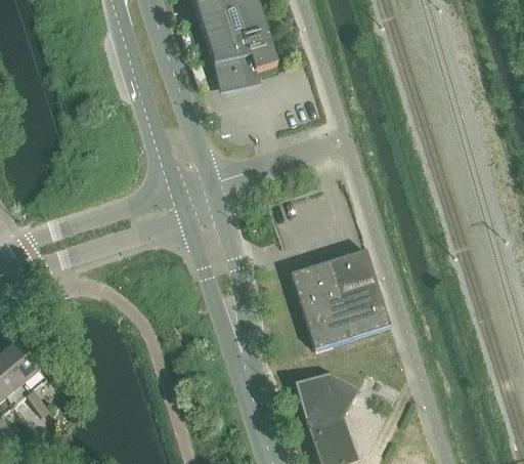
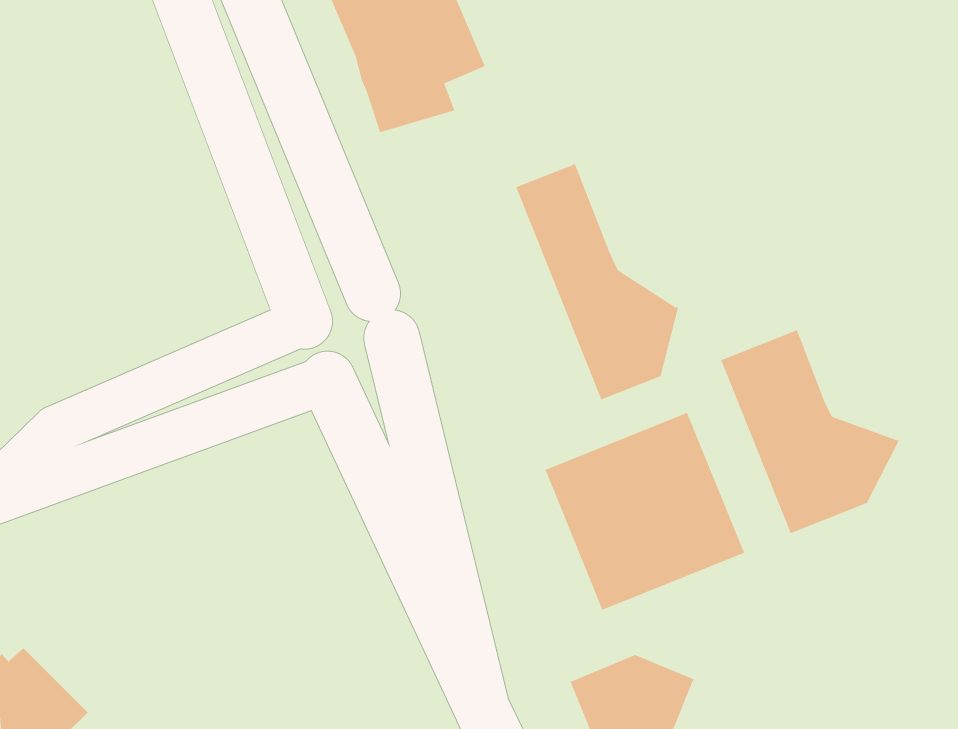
building: none -> [515,163,679,401]
building: none -> [720,329,900,534]

